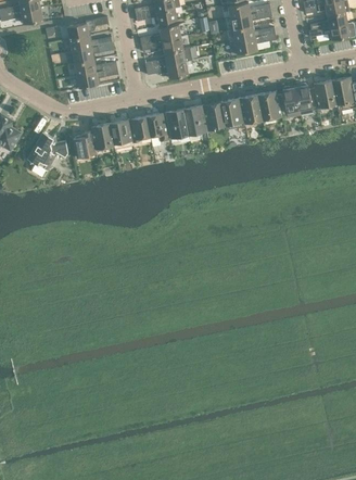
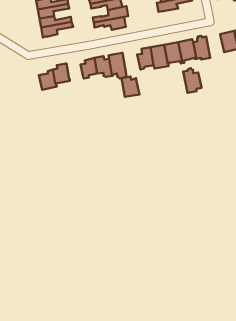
building: [295,83,319,115] -> [183,68,201,93]
building: [185,106,208,134] -> [121,76,140,97]
building: [111,121,134,148] -> none
building: [28,131,68,169] -> none

